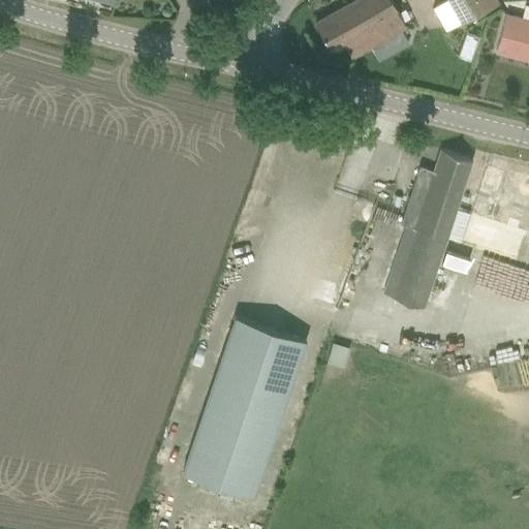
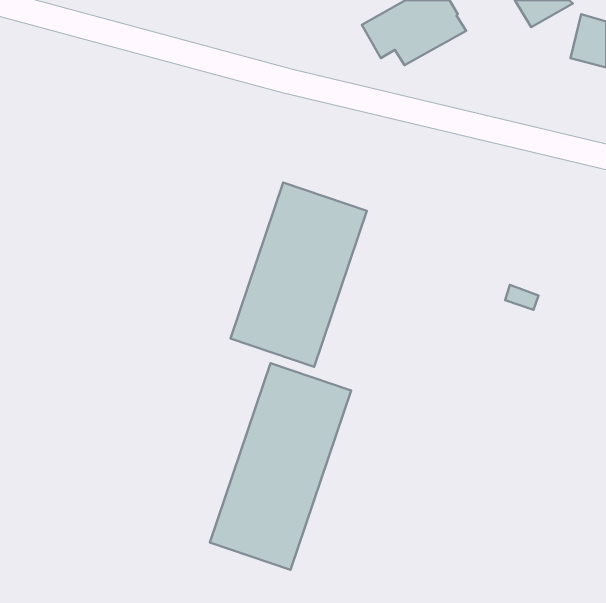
building: [385,151,472,305] -> none
building: none -> [230,183,367,367]

